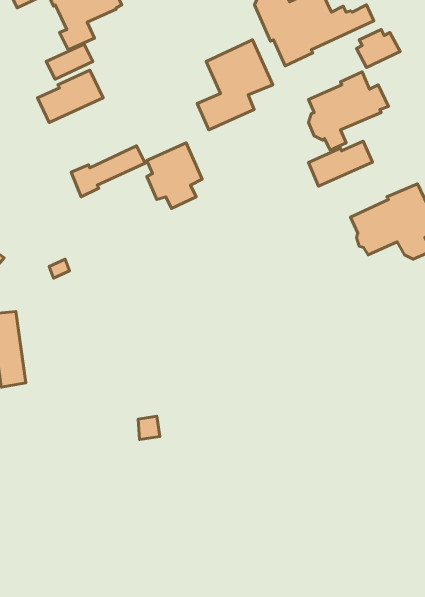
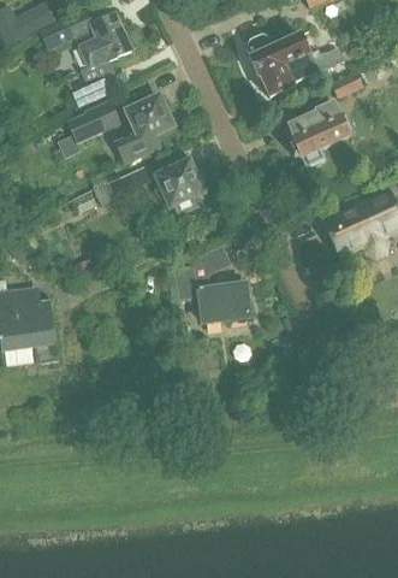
building: [197,40,273,130] -> [114,89,177,164]
building: [308,141,372,186] -> none
building: none -> [174,243,250,322]

